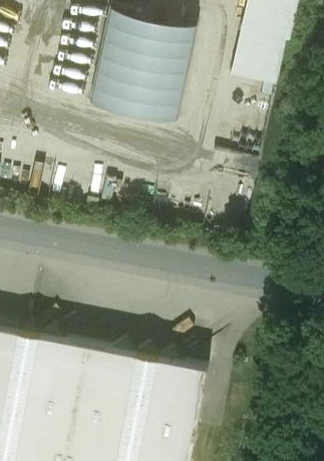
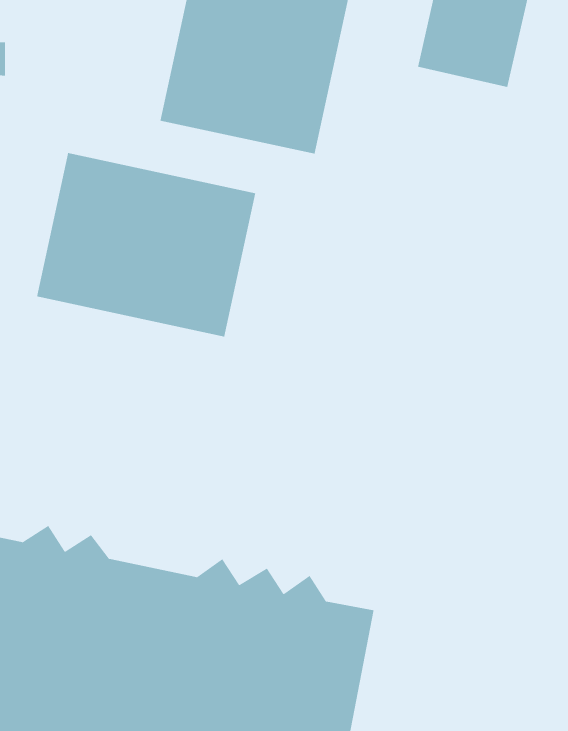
building: none -> [36,152,256,337]

